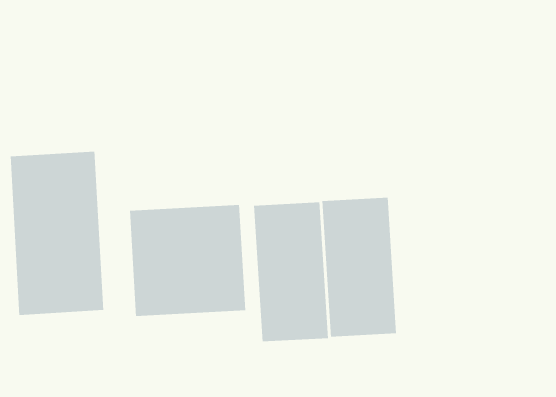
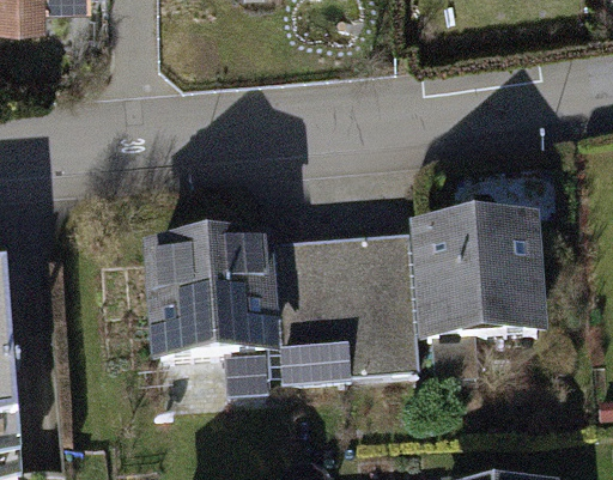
building: [10,151,104,316] -> none
building: none -> [421,226,536,334]

